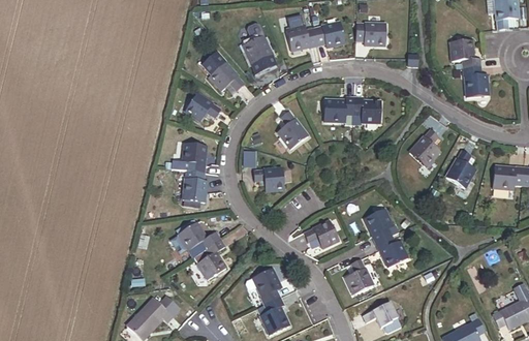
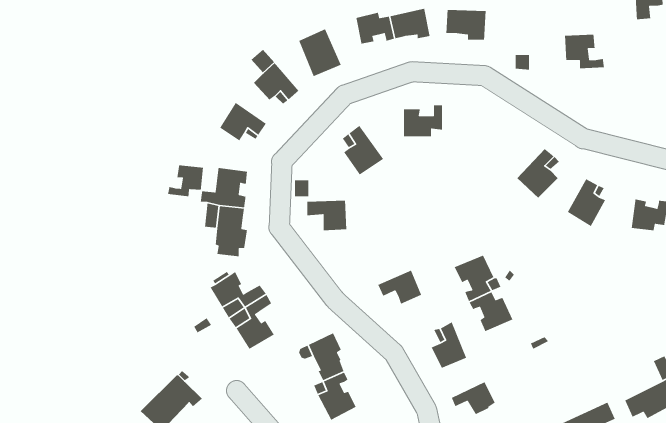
building: [458,66,486,97] -> none
building: [354,94,381,120] -> none
building: none -> [167,165,204,197]

